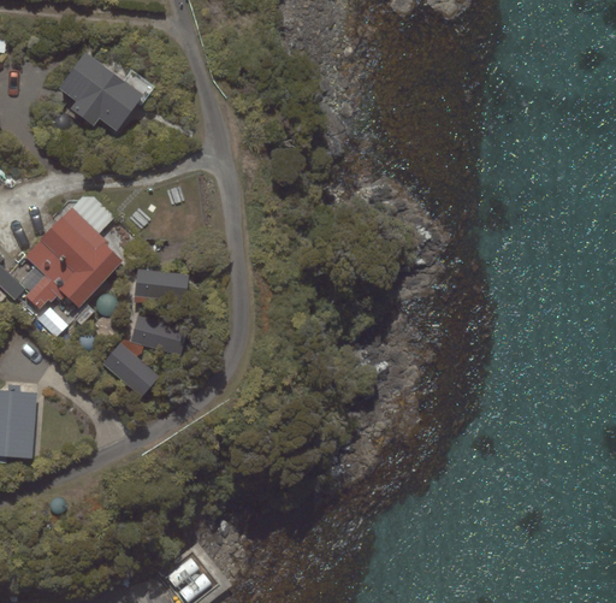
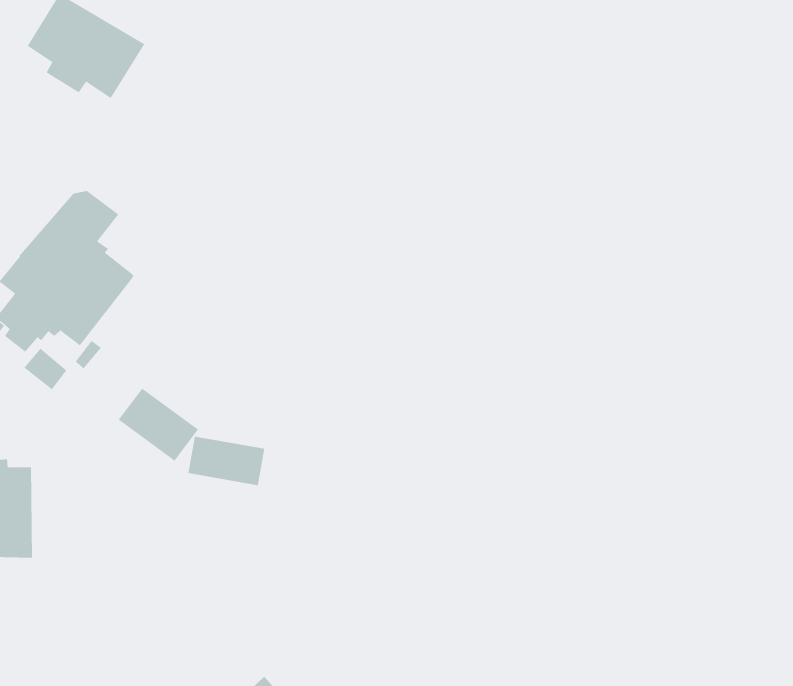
building: [134,268,189,302] -> none
building: [129,315,186,355] -> [187,436,265,486]

